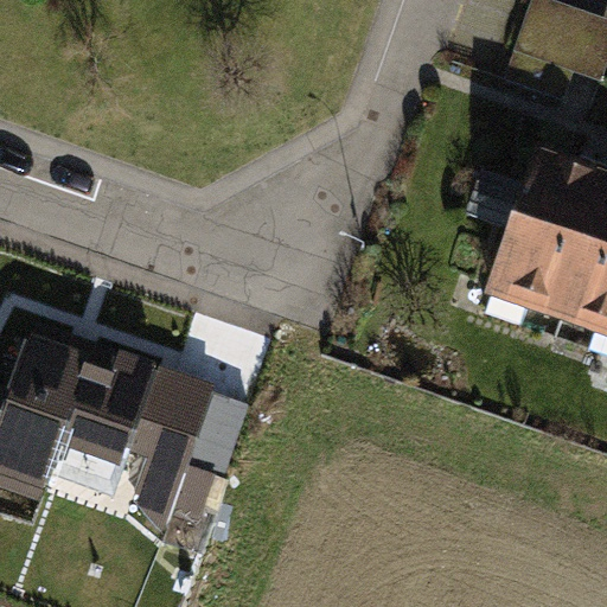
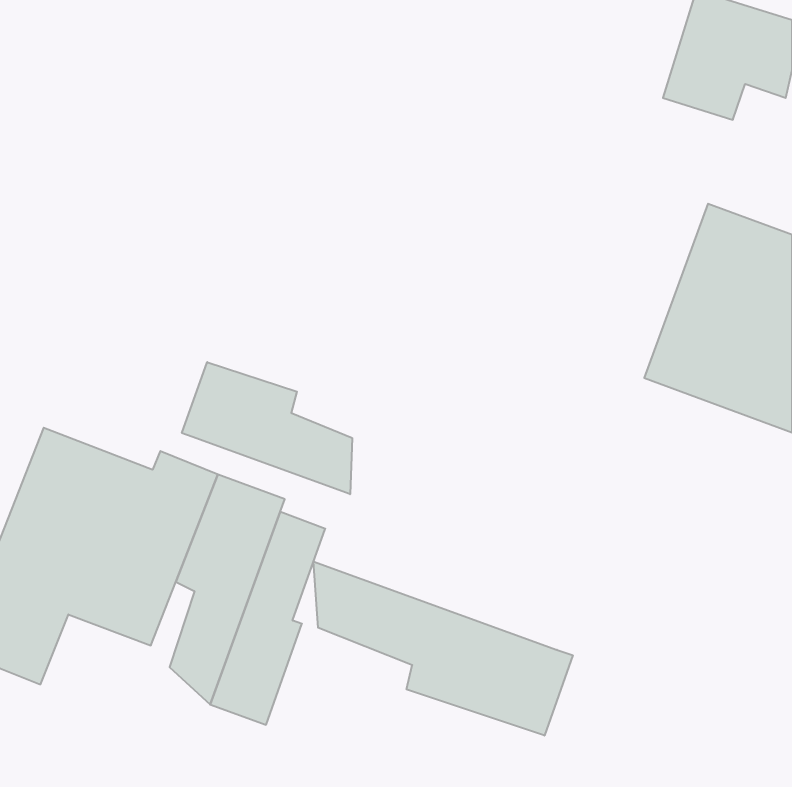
building: none -> [182,362,352,494]
building: none -> [314,562,573,736]

